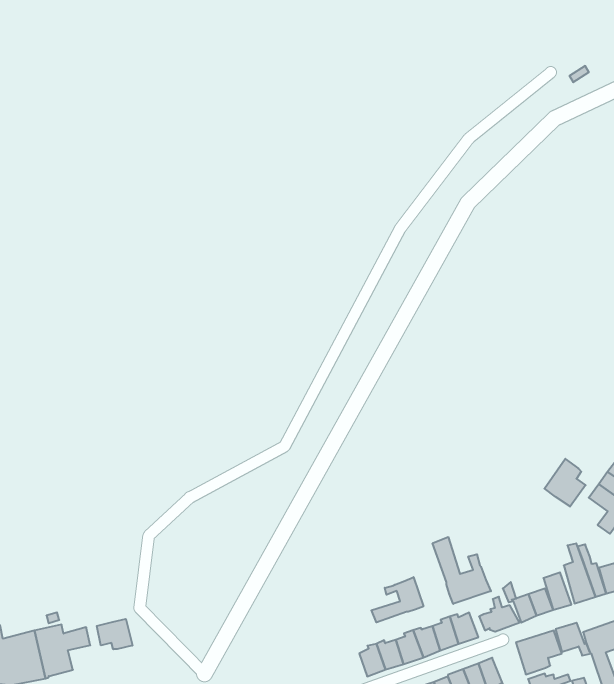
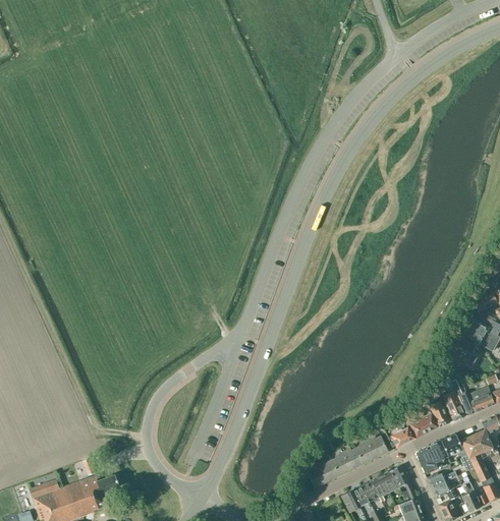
building: [544,459,586,507] -> none
building: [433,537,491,604] -> none
building: [371,577,423,622] -> none
building: [97,619,132,649] -> none

